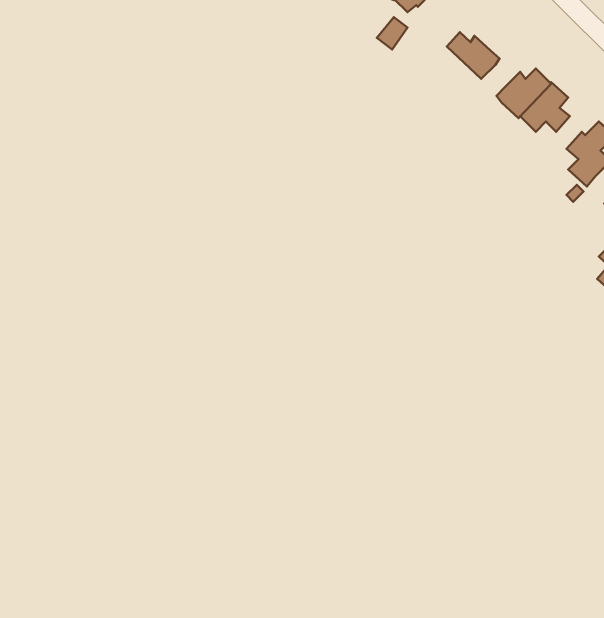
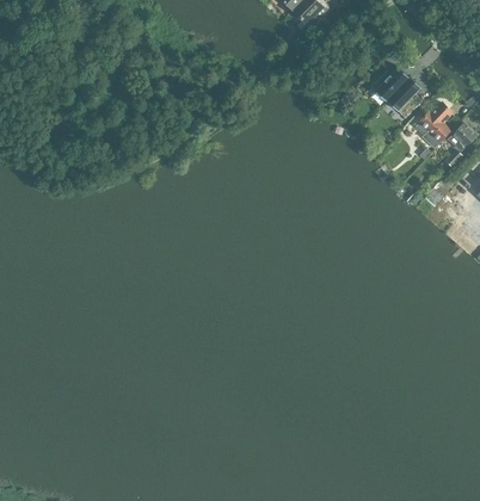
building: [447,32,499,79] -> none

